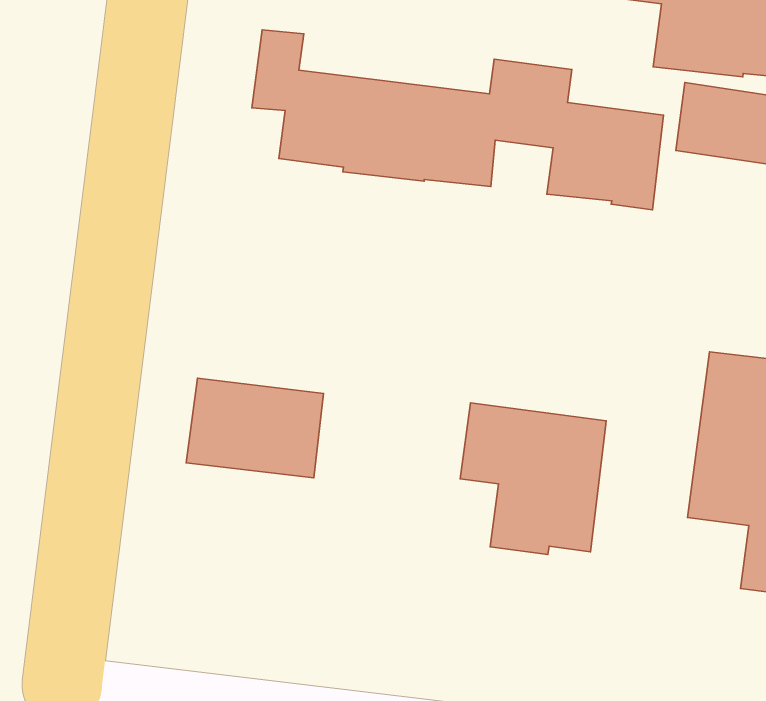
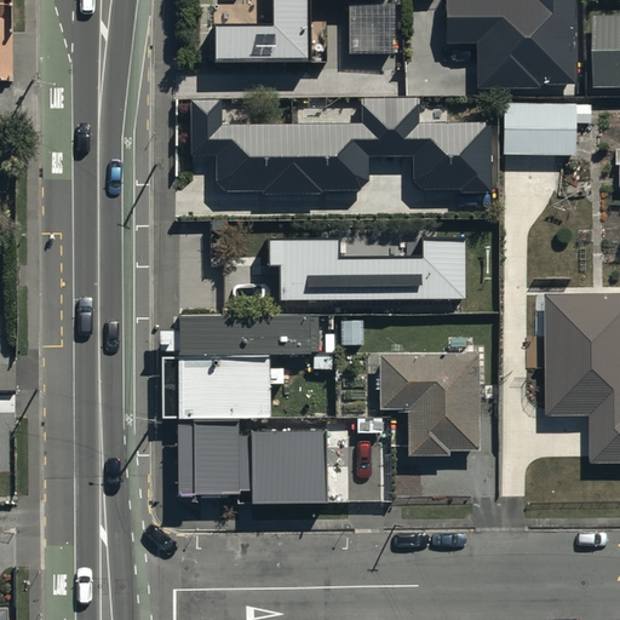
building: none -> [265,235,463,294]
building: none -> [180,317,321,358]
building: none -> [179,423,328,506]

